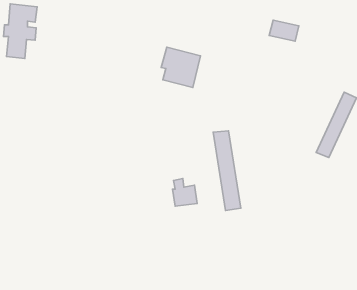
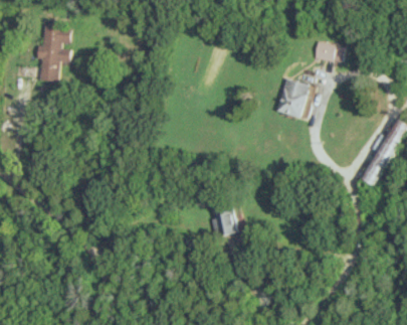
building: [161,47,200,88] -> [274,76,316,119]
building: [213,131,241,211] -> none

